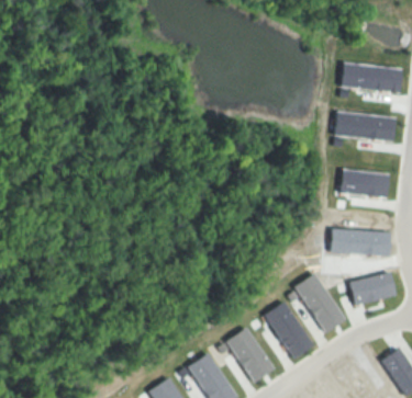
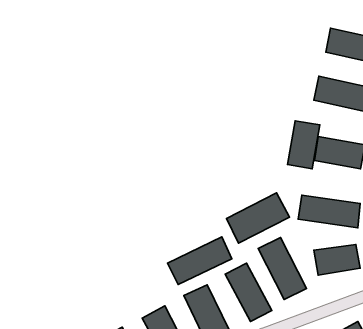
building: none -> [287,121,320,169]
building: none -> [227,193,289,243]
building: none -> [167,237,232,284]

